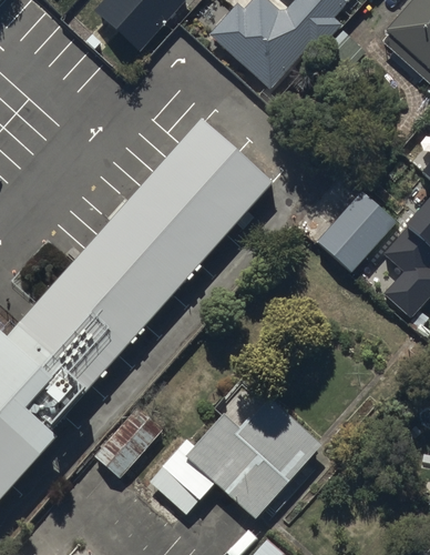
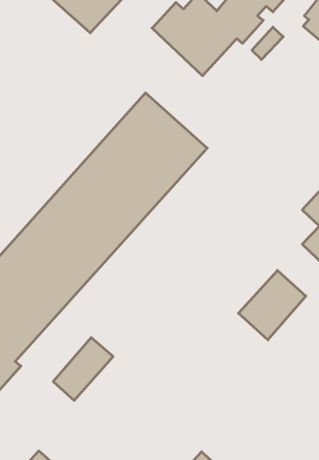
building: [317,193,396,274] -> [238,270,306,340]
building: [145,393,322,515] -> none

